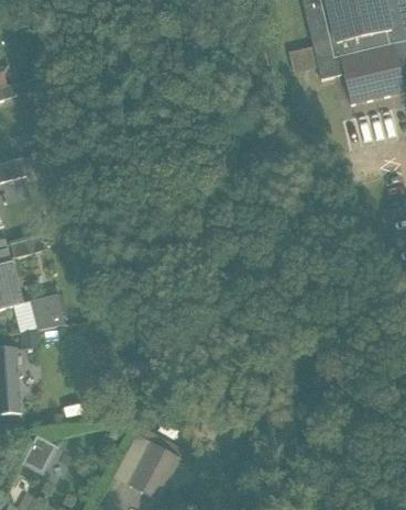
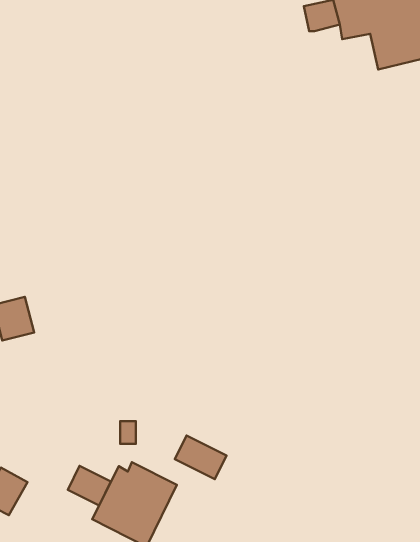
building: none -> [175,435,226,479]
building: none -> [68,466,111,506]

